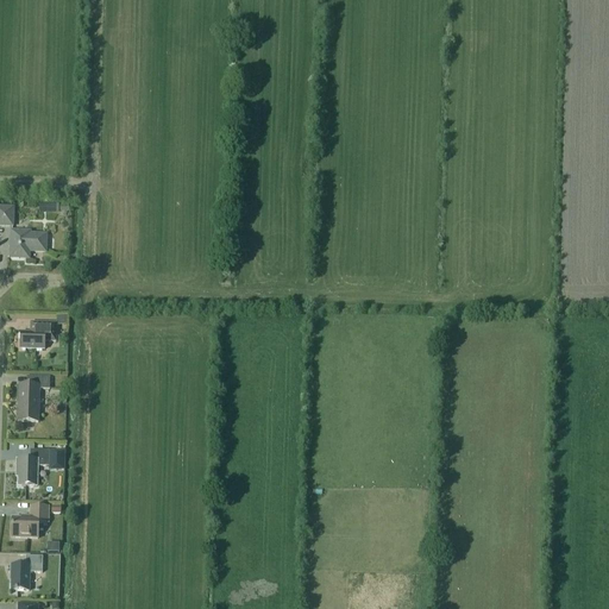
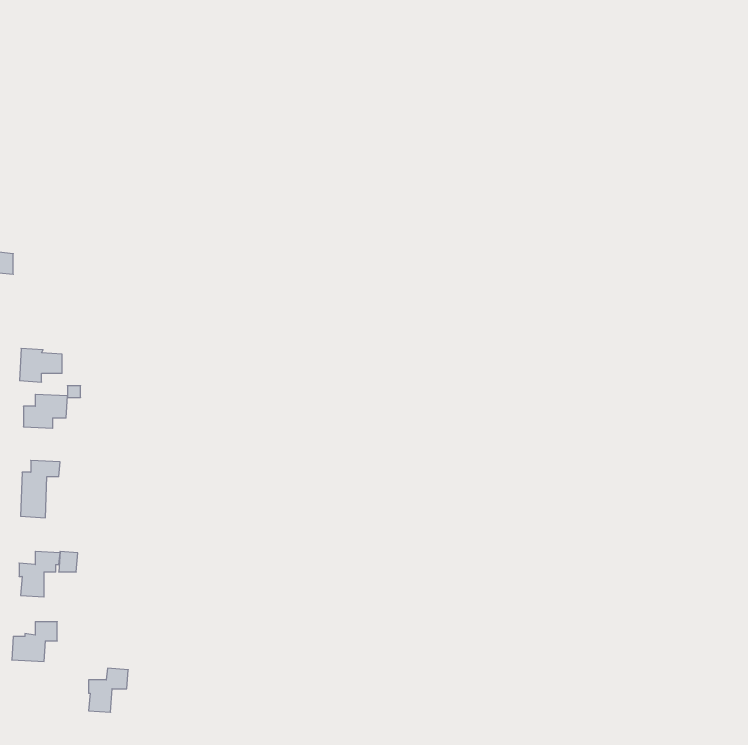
building: [10,228,44,256] -> [20,348,62,382]
building: [10,553,42,589] -> [89,668,128,712]

